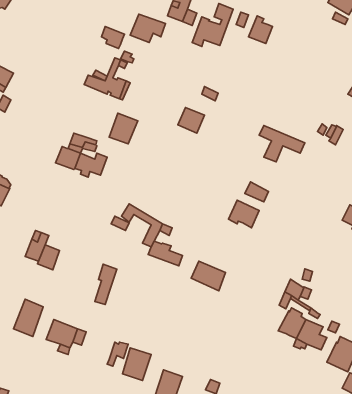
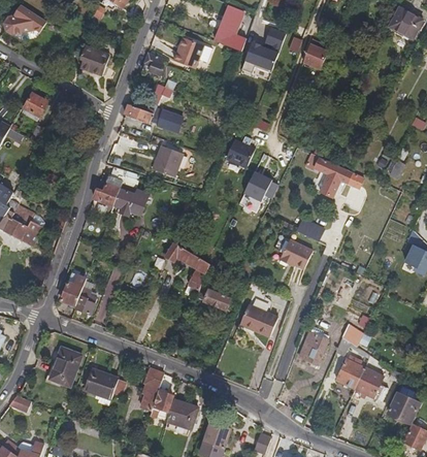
building: none -> [81,45,110,75]
building: none -> [243,170,272,201]
building: [95,264,117,304] -> [140,367,164,411]
building: none -> [298,332,327,364]

